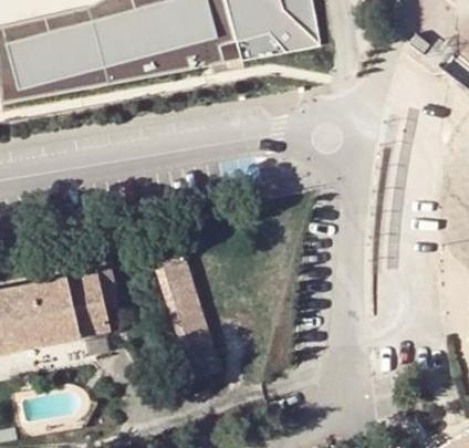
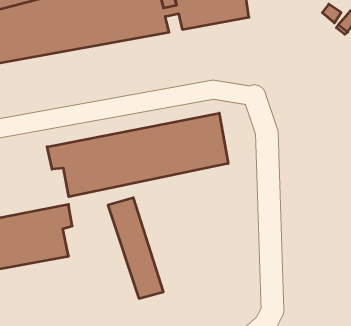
building: none -> [47,113,228,197]

